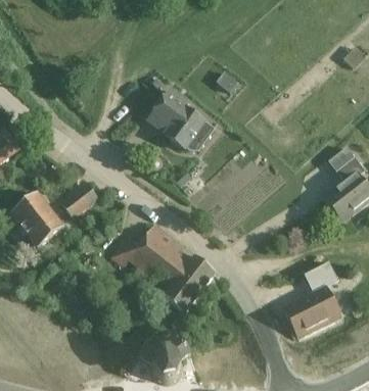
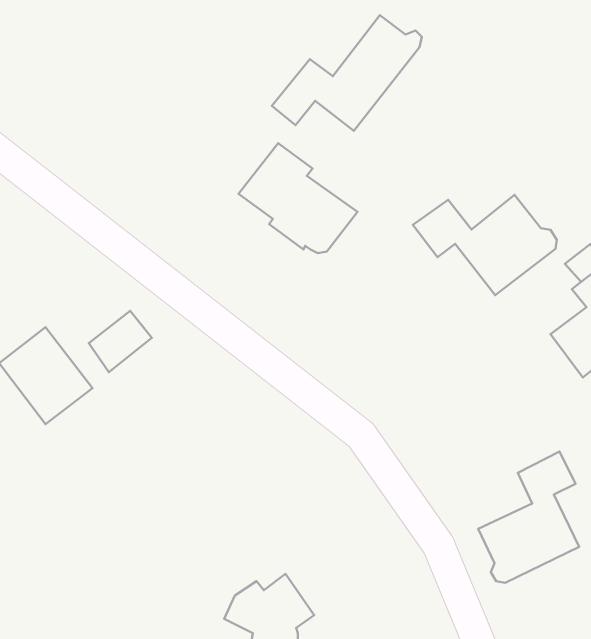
building: none -> [272,15,422,131]
building: none -> [413,195,557,295]
building: [109,225,215,312] -> none

